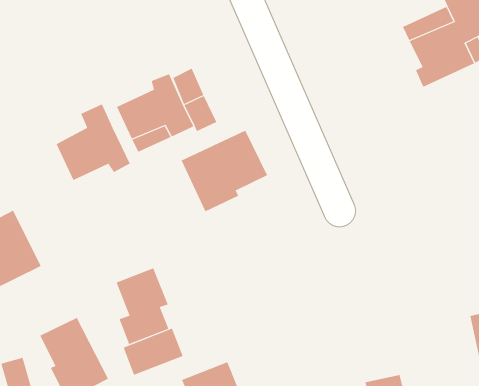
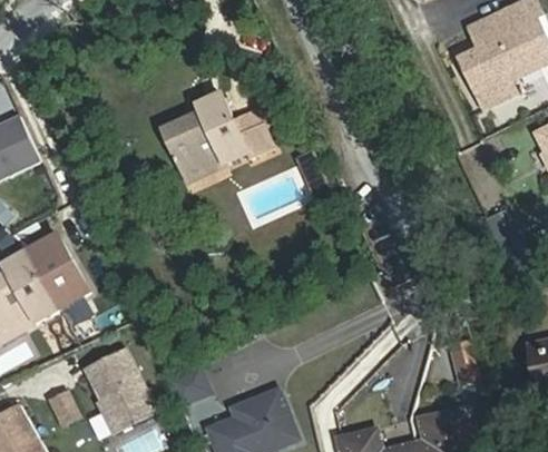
building: [56,103,131,181] -> none
building: [181,130,268,212] -> none
building: [116,267,169,345] -> none

